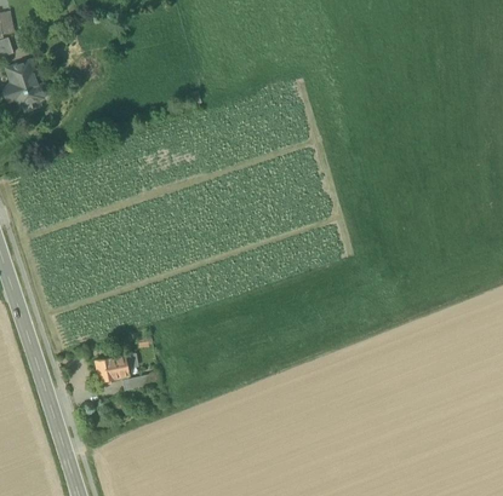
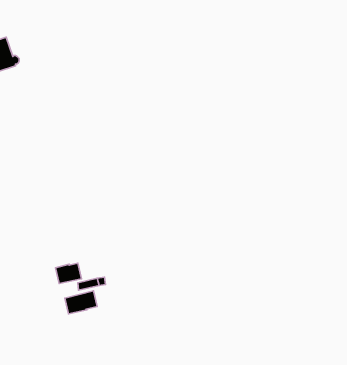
building: none -> [65,291,97,314]

